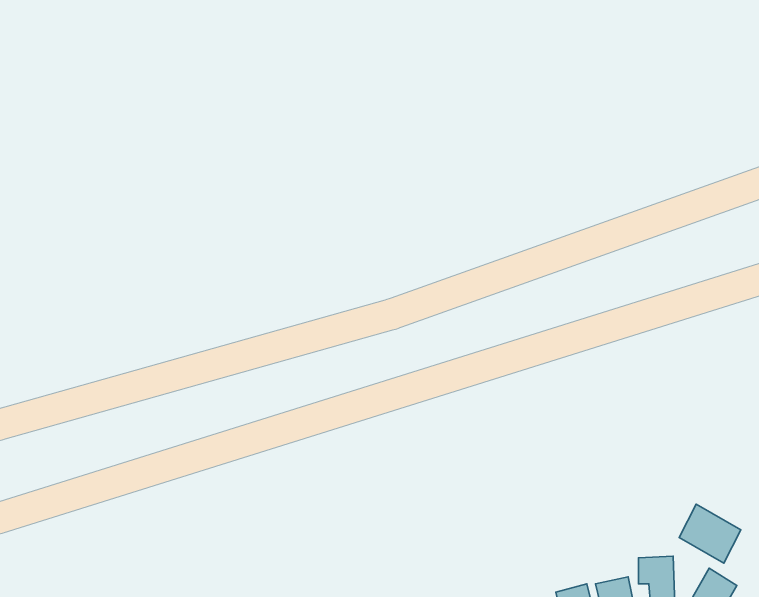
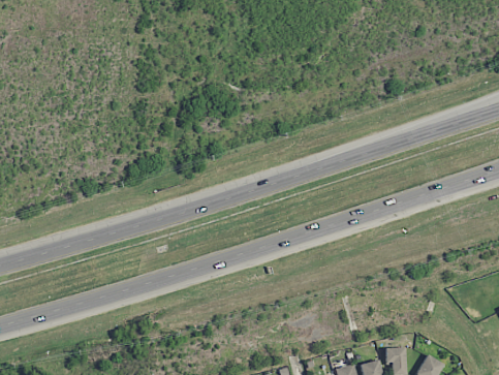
building: [679,504,741,563] -> none

